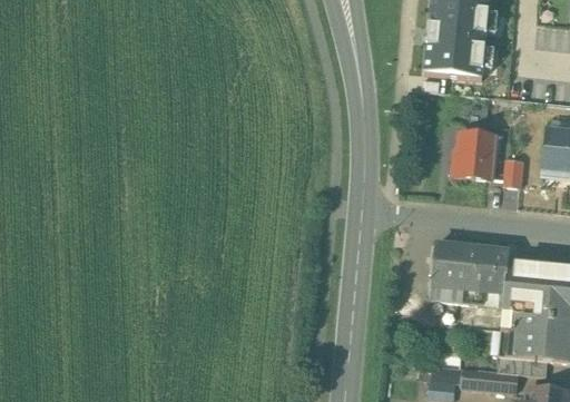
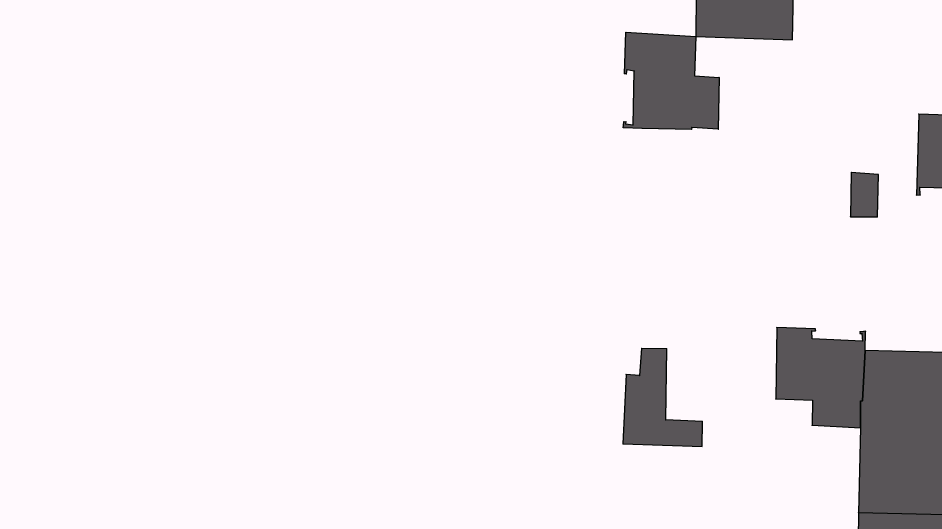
building: none -> [623,32,719,129]
building: [456,129,499,176] -> none
building: [432,242,479,301] -> [623,348,702,446]

